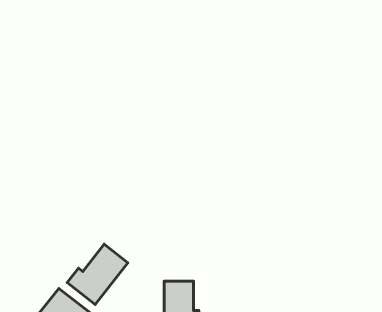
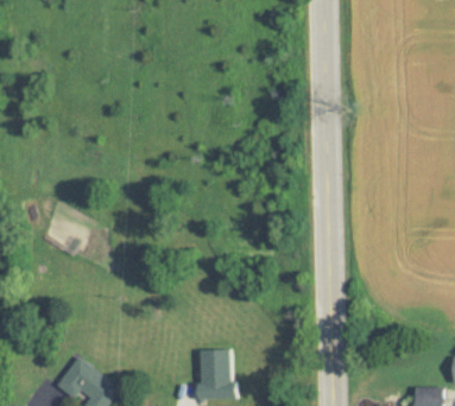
building: [67,244,128,304] -> none

